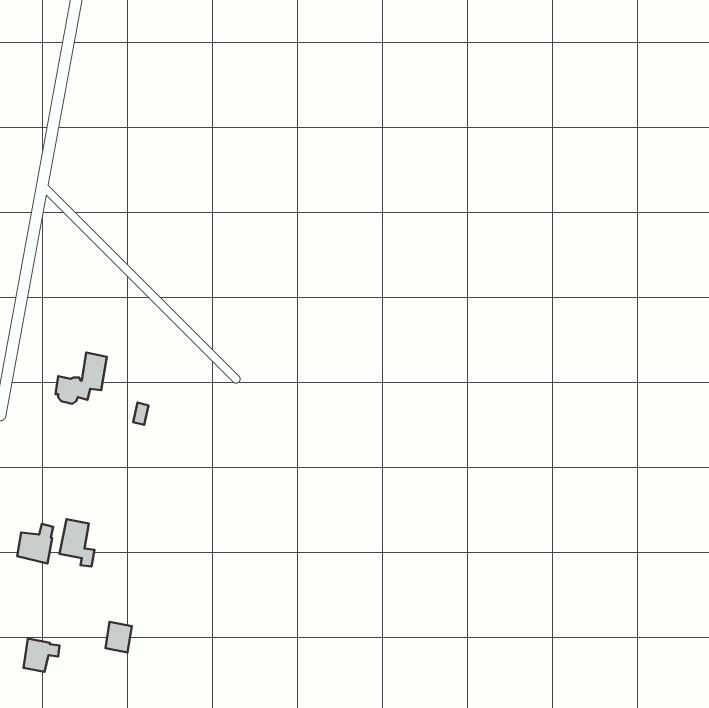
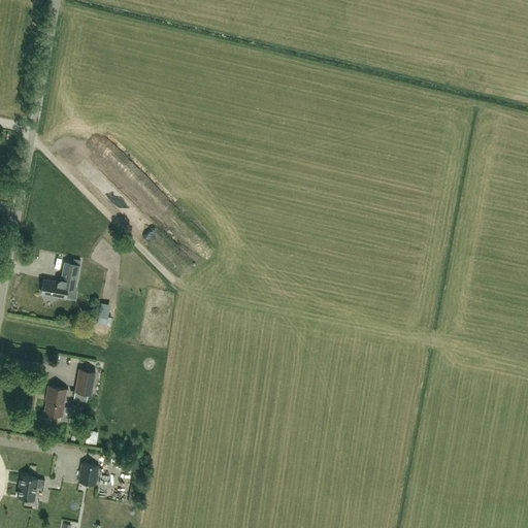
building: none -> [75,369,95,395]
building: [17,524,53,563] -> none

